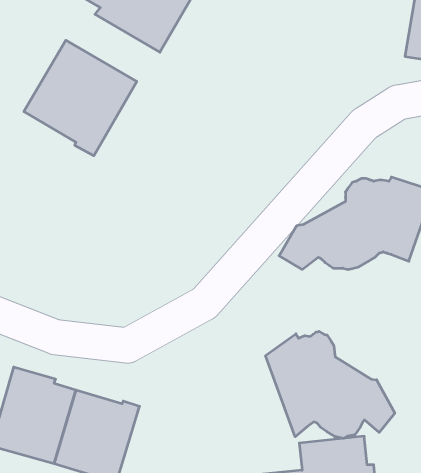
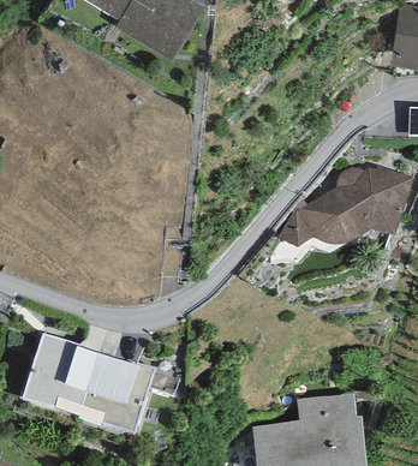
building: [24,40,137,156] -> none
building: [266,331,395,438] -> none

